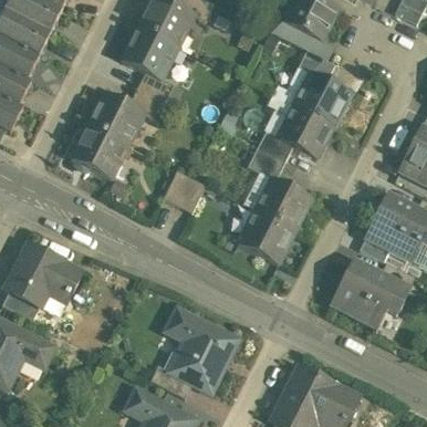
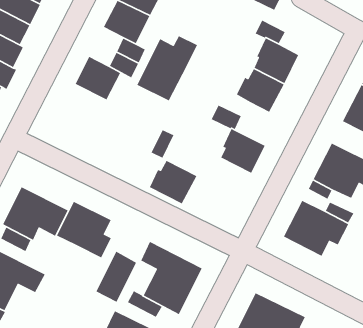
building: none -> [136,35,198,102]
building: [72,126,126,178] -> none
building: [256,132,292,163] -> none
building: [238,211,294,263] -> [149,160,198,205]
building: none -> [56,201,112,259]
building: none -> [95,251,137,303]

